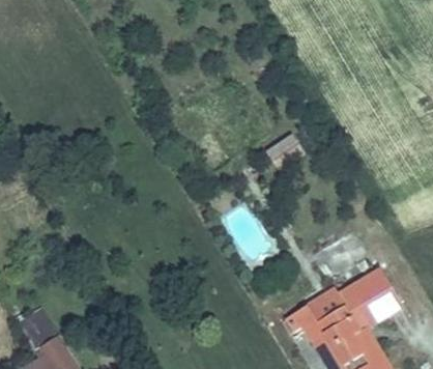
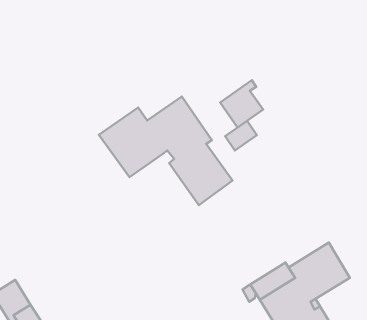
building: none -> [220,80,263,128]
building: none -> [99,97,232,205]

